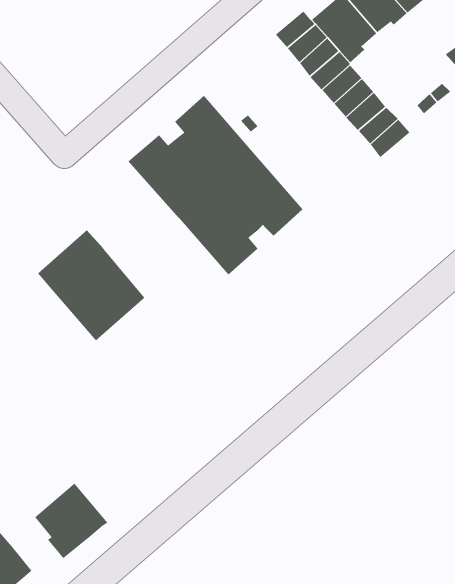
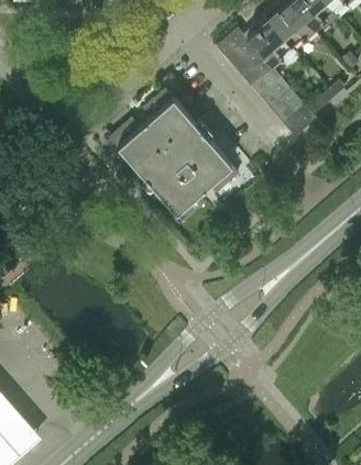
building: [37,230,145,341] -> none
building: [34,483,109,559] -> none

